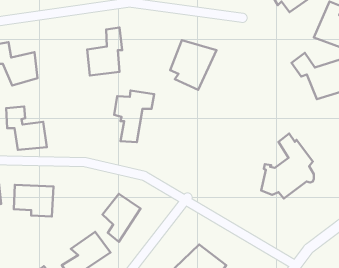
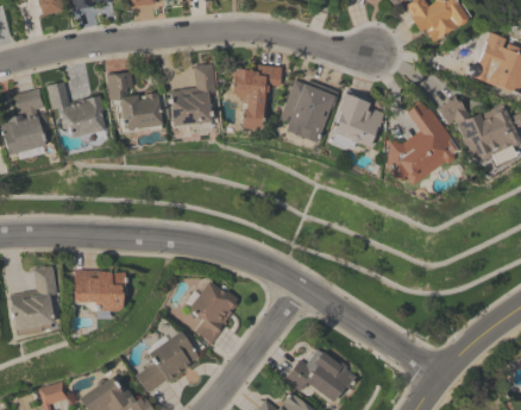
building: none -> [331,92,383,146]
building: [114,91,154,142] -> [230,62,282,130]
building: [6,106,47,150] -> [107,71,161,128]
building: [261,134,314,199] -> [383,99,452,184]

